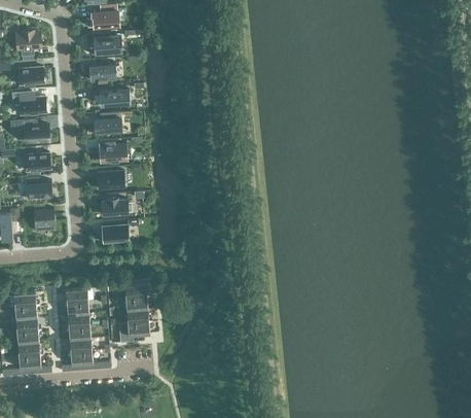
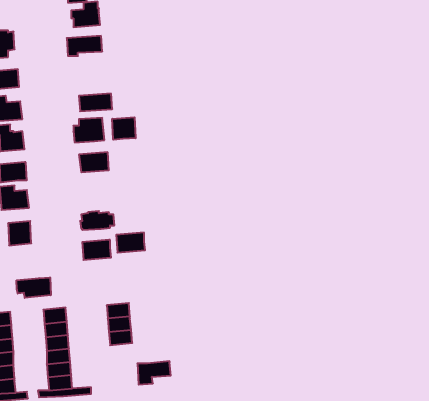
building: [89,61,115,81] -> none
building: none -> [112,117,136,140]
building: [98,170,124,188] -> [116,233,145,253]
building: none -> [17,277,51,298]
building: [118,320,149,342] -> [137,361,171,385]

